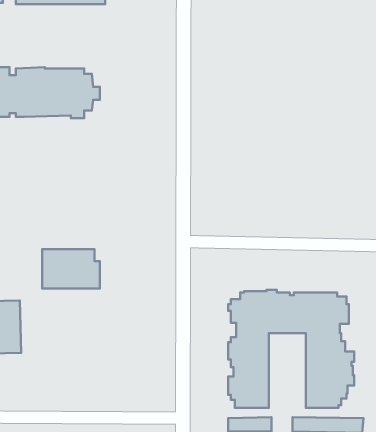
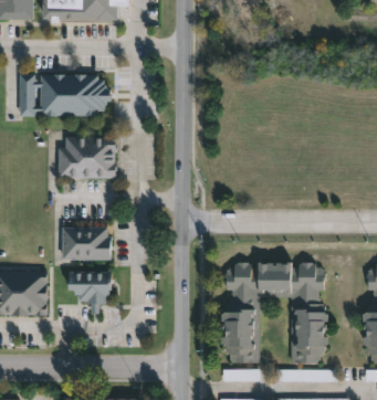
building: none -> [60,137,118,179]
building: none -> [70,272,113,316]

